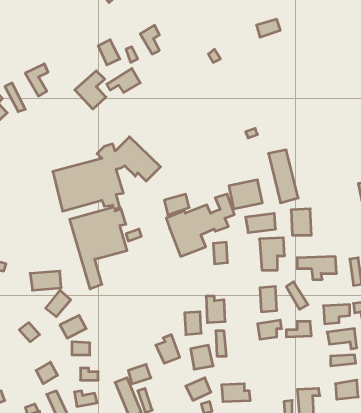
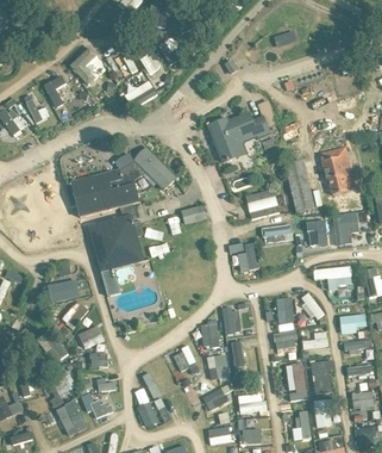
building: [75,71,106,109] -> [69,46,100,85]
building: none -> [319,148,363,196]
building: [166,194,234,256] -> [208,103,276,165]
building: [259,238,285,270] -> [333,213,358,246]
building: none -> [311,360,333,393]
building: none -> [287,364,306,401]

